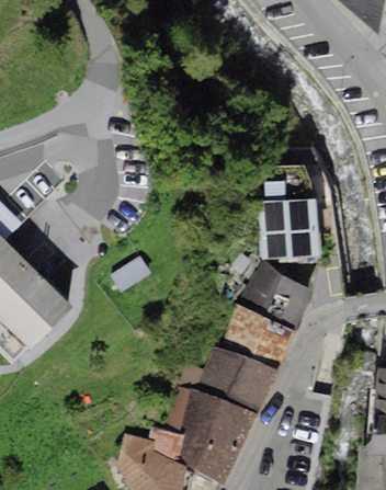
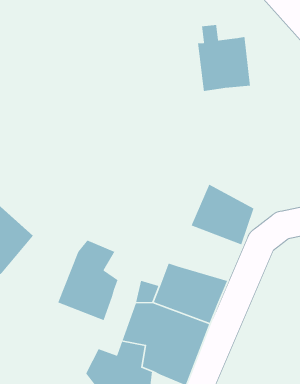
building: [263,182,320,257] -> [197,24,251,92]
building: [224,304,296,368] -> none
building: none -> [57,239,119,321]

